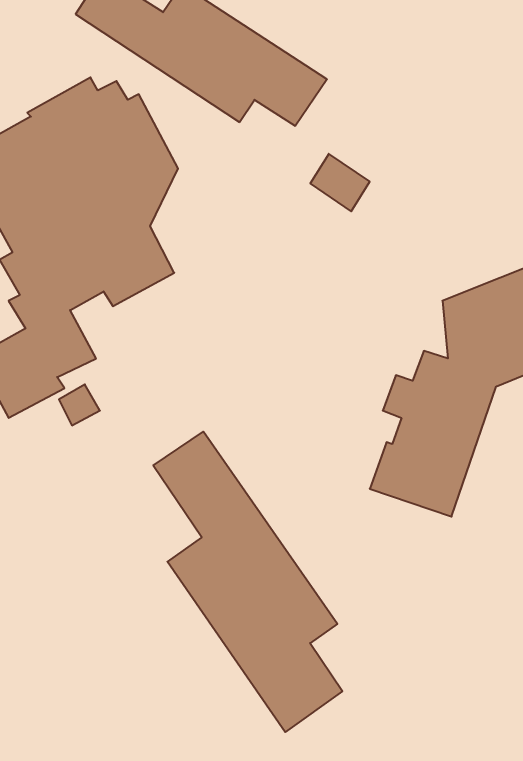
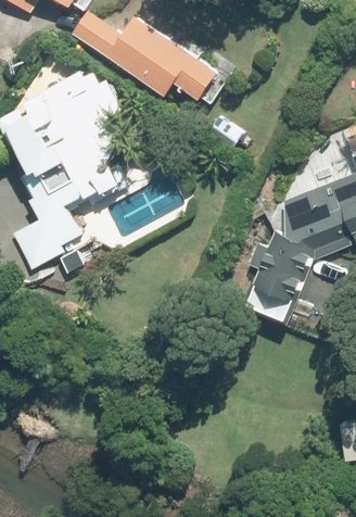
building: [153,432,342,732] -> none

